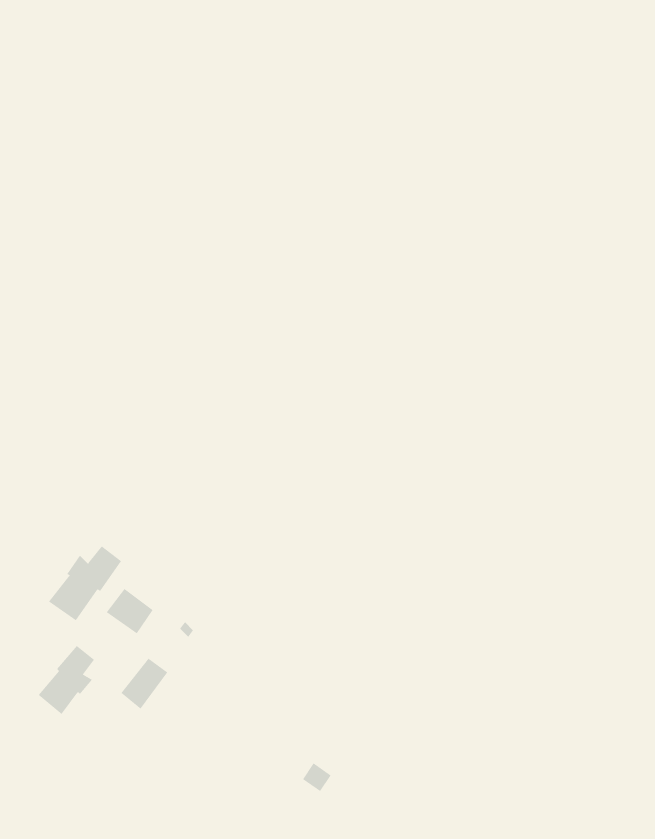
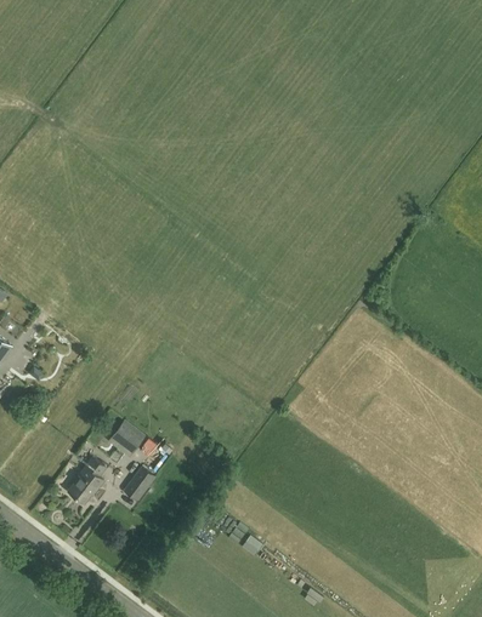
building: [48,545,122,621] -> none

